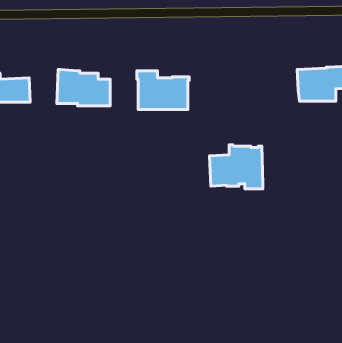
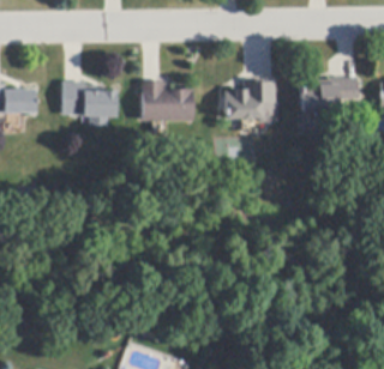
building: [210,145,263,189] -> [224,79,277,122]

